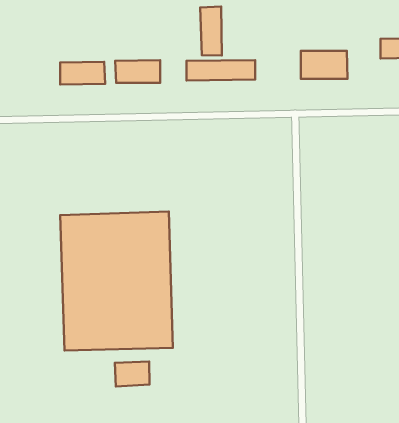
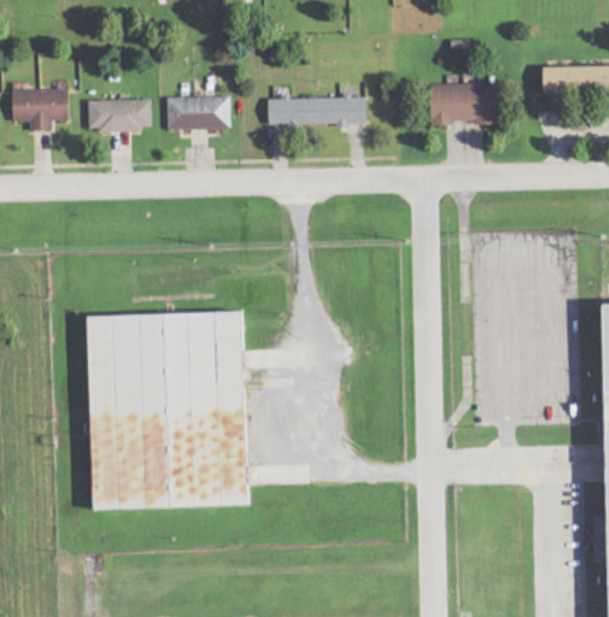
building: [200,7,222,55] -> none
building: none -> [11,87,68,130]
building: [115,362,150,386] -> none

